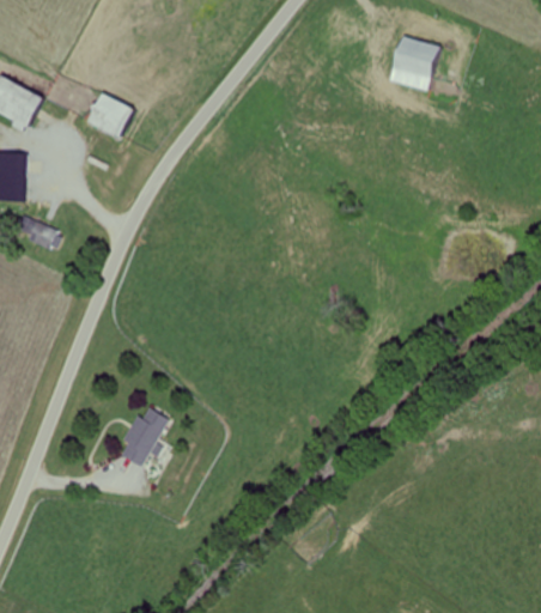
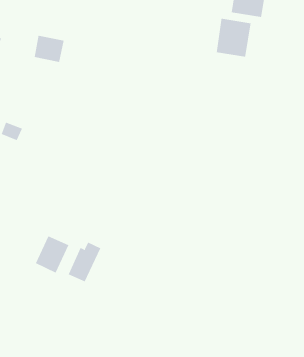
building: none -> [216,18,251,57]
building: none -> [35,235,69,273]

